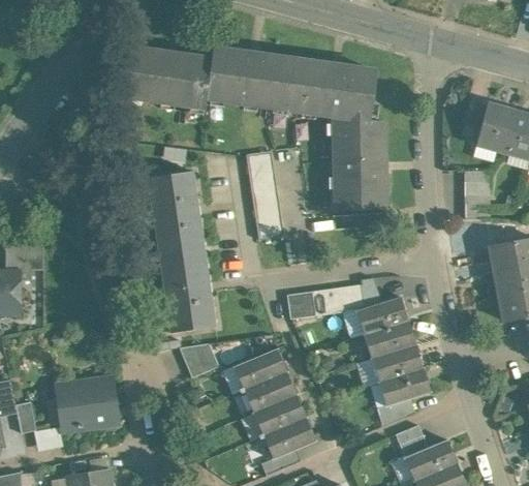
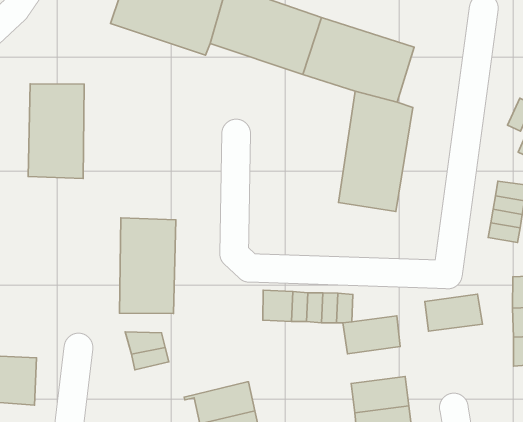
building: [247,148,281,237] -> none
building: [147,171,204,254] -> [28,84,84,178]
building: [364,321,414,358] -> [425,294,482,331]
building: [234,347,285,393] -> none

